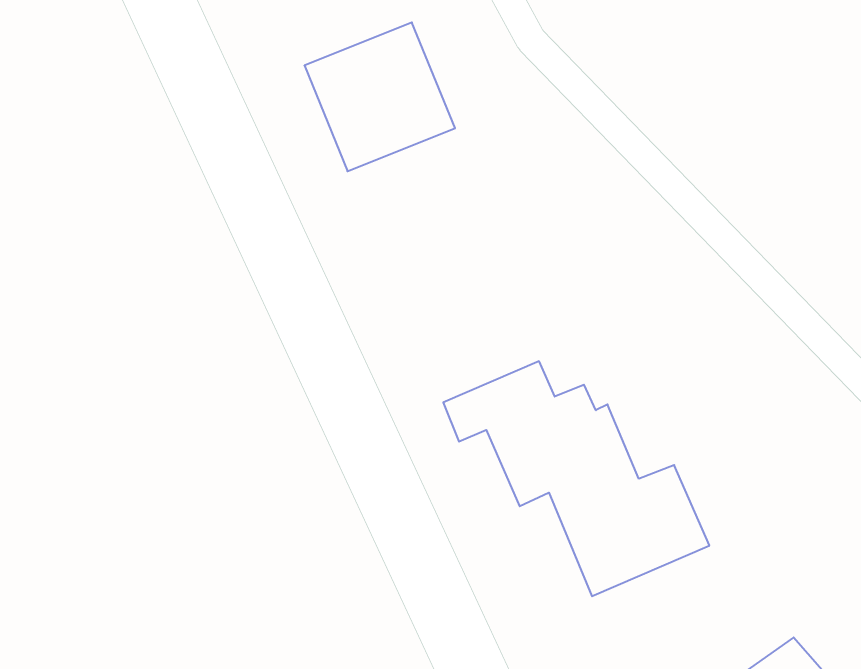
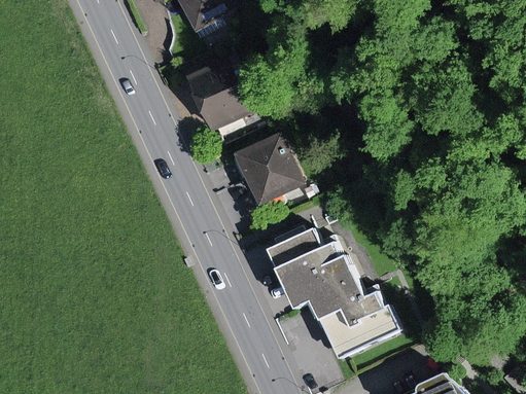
building: none -> [227,131,307,210]

